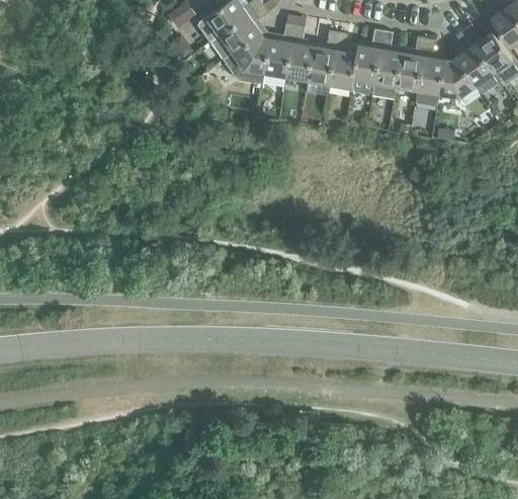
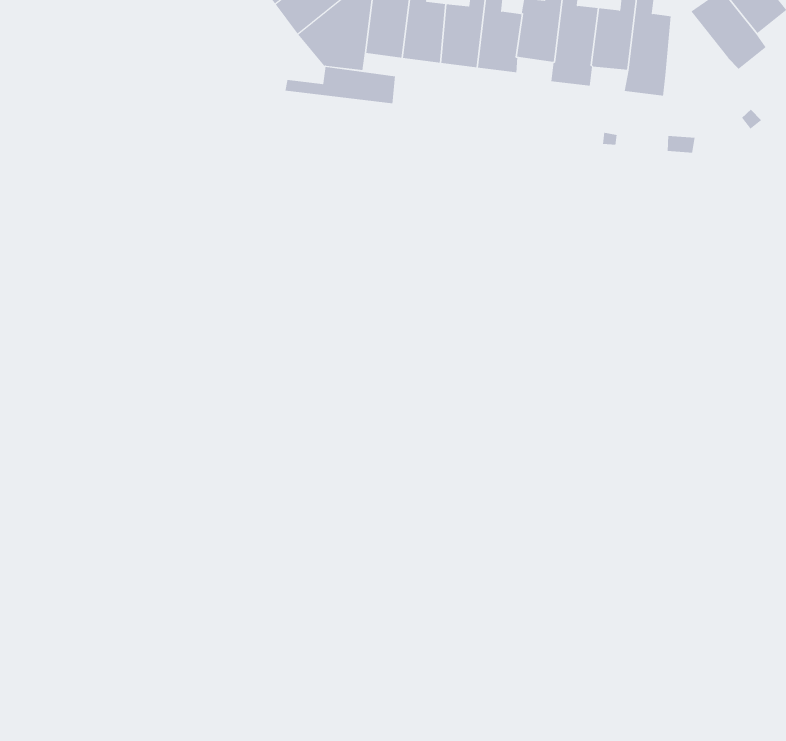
building: [439,59,476,98] -> none
building: none -> [285,66,396,104]

